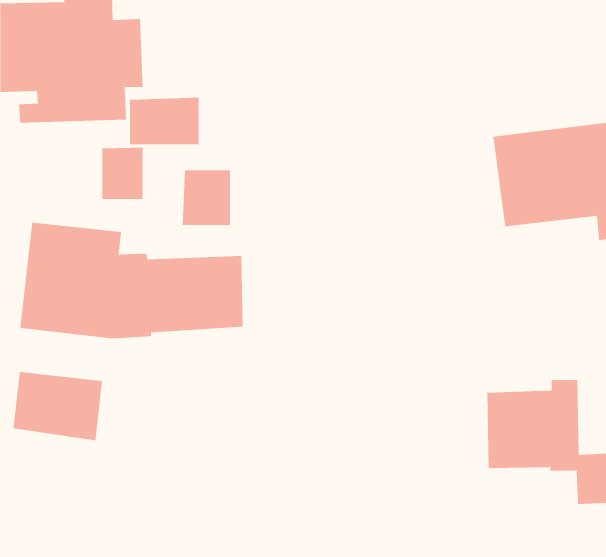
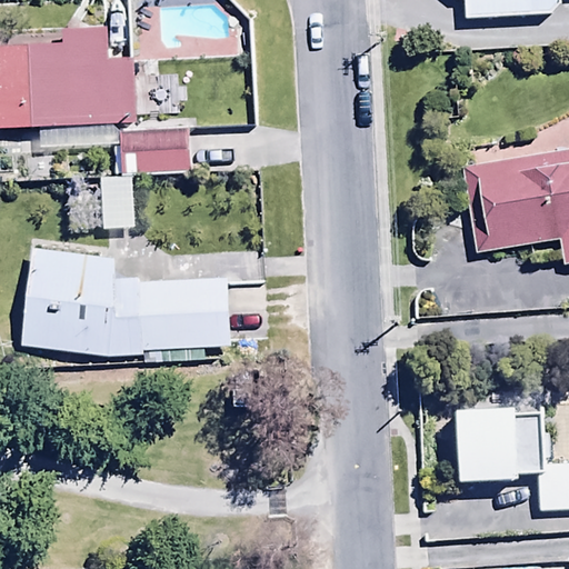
building: [182,170,231,226] -> none
building: [13,371,103,441] -> none

